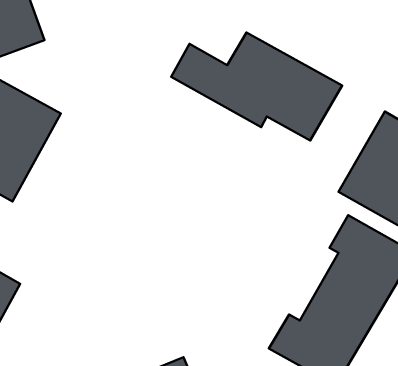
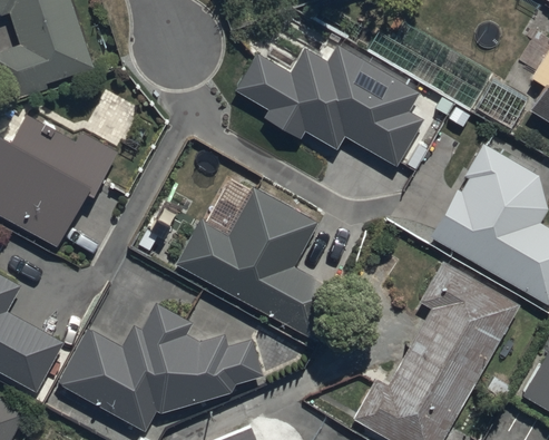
building: none -> [179,185,342,338]
building: none -> [62,315,261,424]

